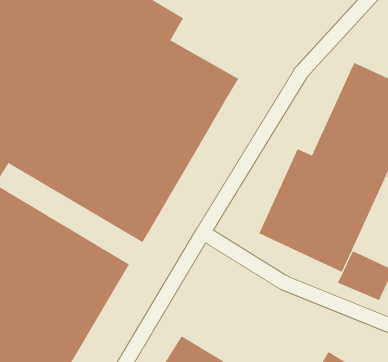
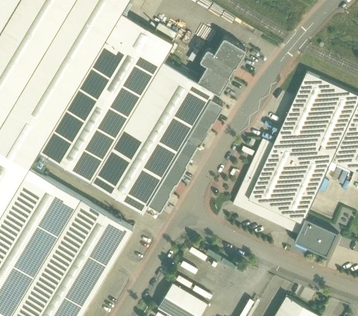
building: none -> [200,31,247,87]
building: none -> [184,101,221,150]
building: none -> [147,161,186,213]

